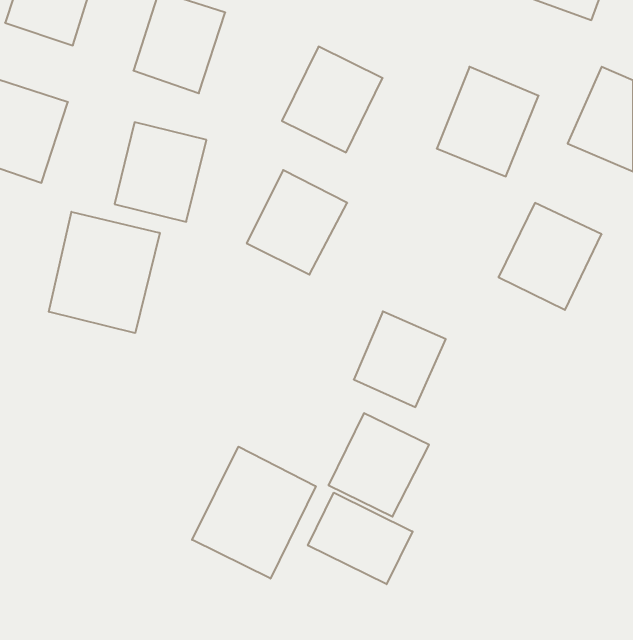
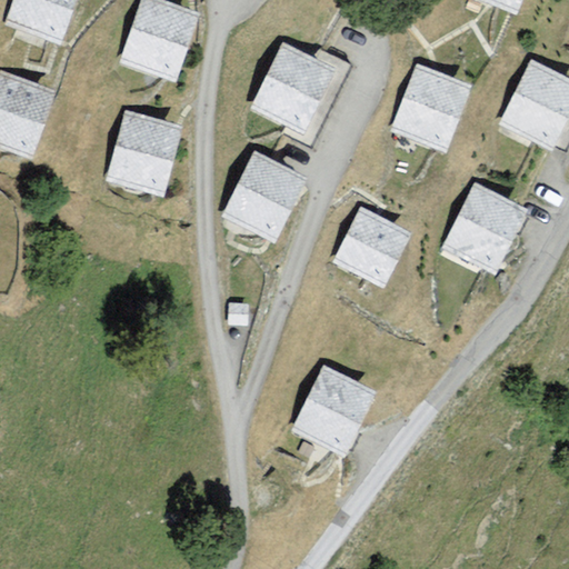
building: [49,212,160,333] -> none
building: [354,311,446,407] -> [335,204,416,289]
building: [192,447,316,579] -> none
building: [308,493,413,584] -> none

